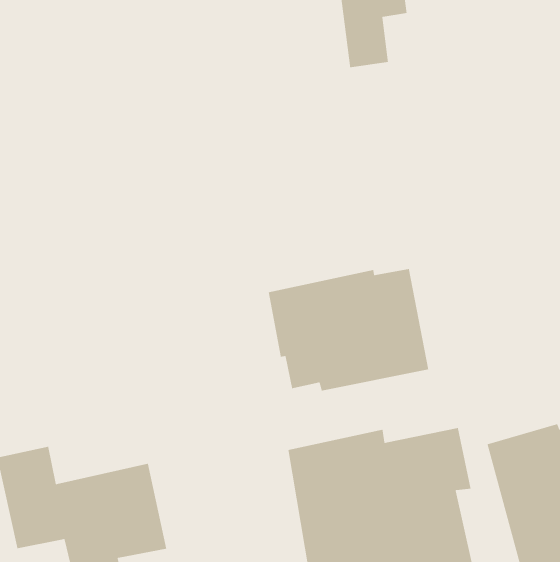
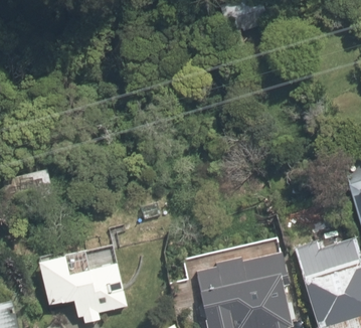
building: [268,268,429,391] -> none

